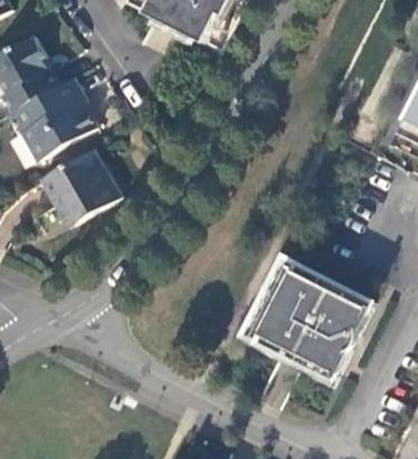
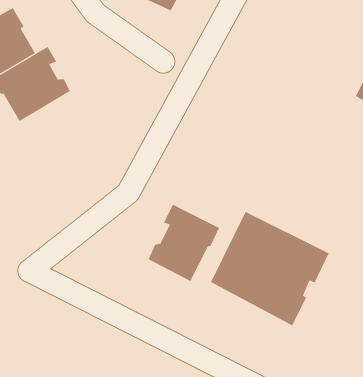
building: [40,147,120,219] -> none
building: none -> [148,204,220,282]

